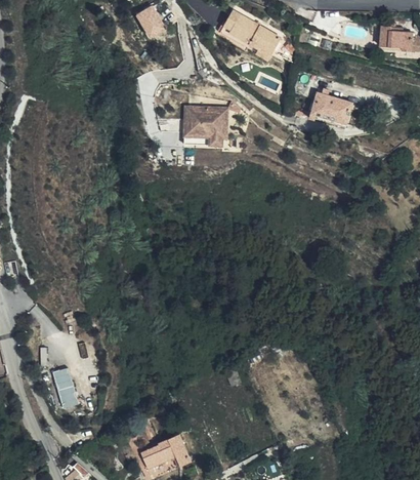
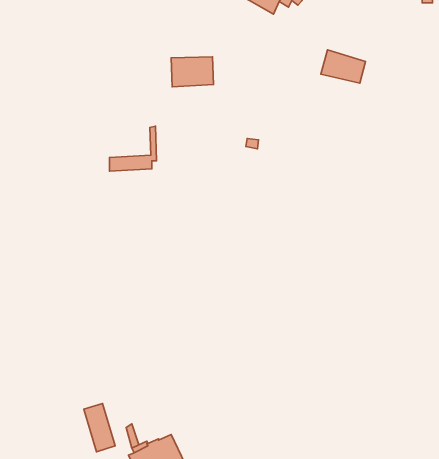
building: [179,98,221,138] -> [109,126,157,171]
building: [52,366,80,409] -> [84,403,115,452]

